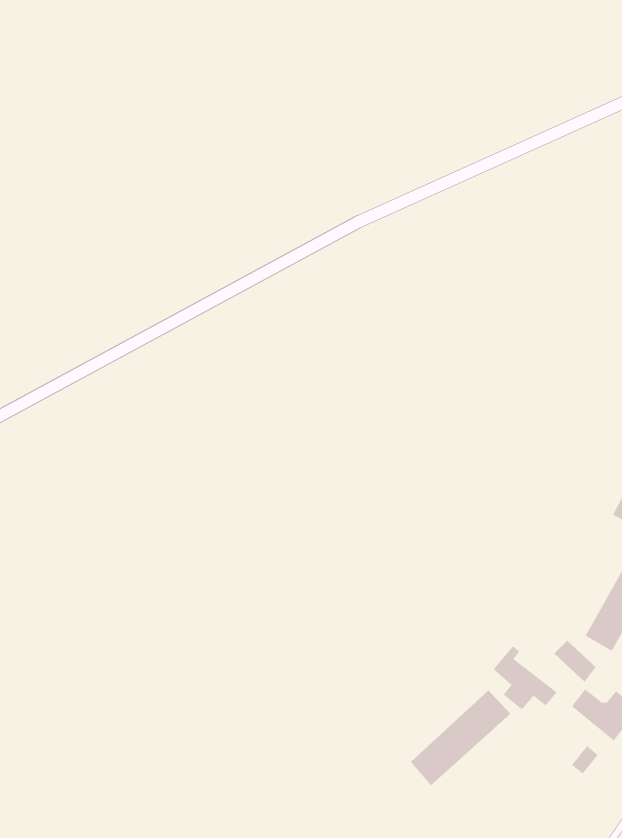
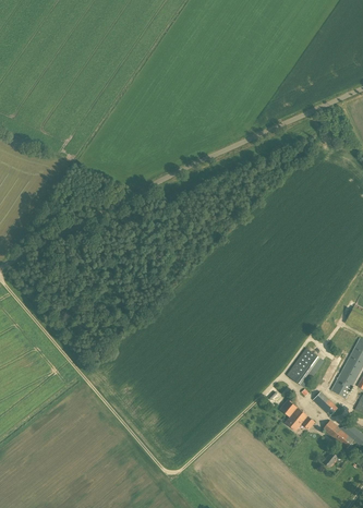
building: none -> [287,347,324,387]
building: [410,690,511,786] -> none

